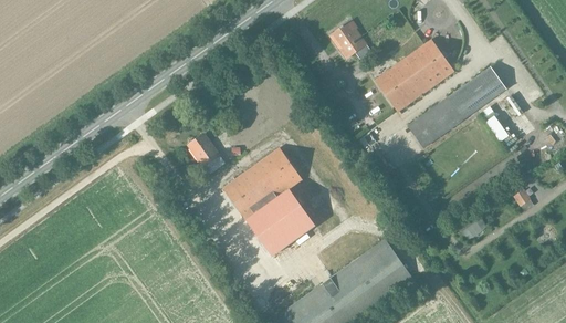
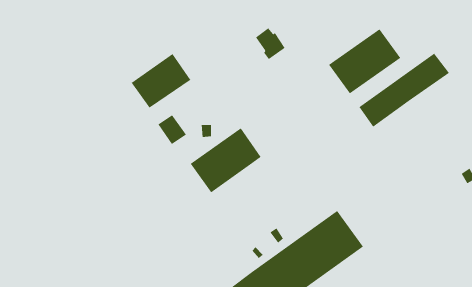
building: [333,22,366,58] -> [255,28,286,60]
building: none -> [131,53,191,108]
building: [247,188,314,253] -> none

